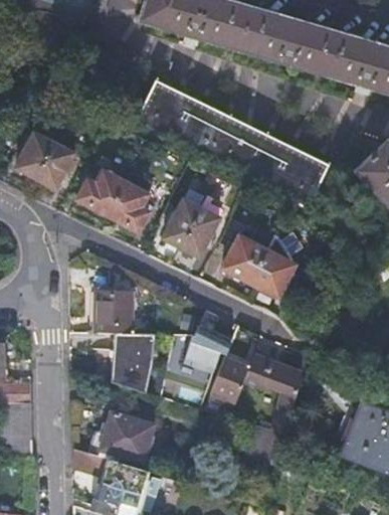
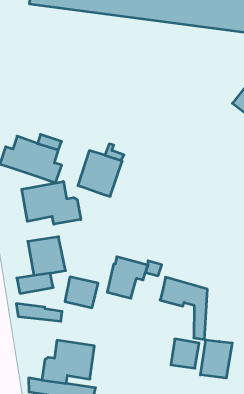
building: [135,76,330,206] -> none
building: none -> [22,181,81,224]
building: [222,233,294,295] -> none
building: [206,361,243,403] -> none
building: none -> [200,340,232,378]

